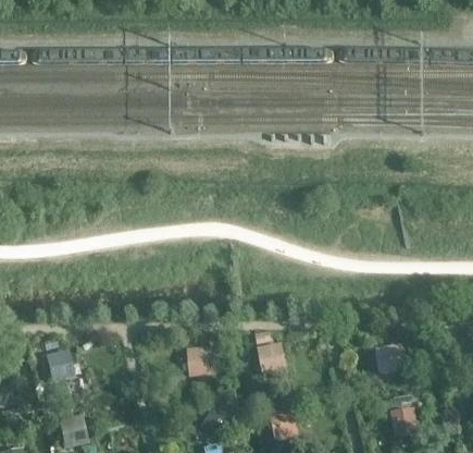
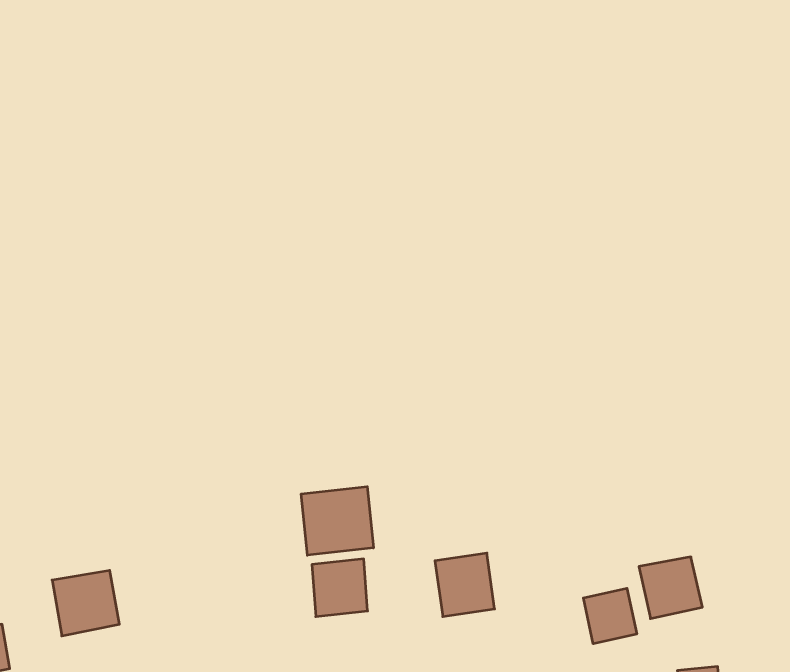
building: none -> [301,487,373,555]
building: none -> [583,588,637,644]

